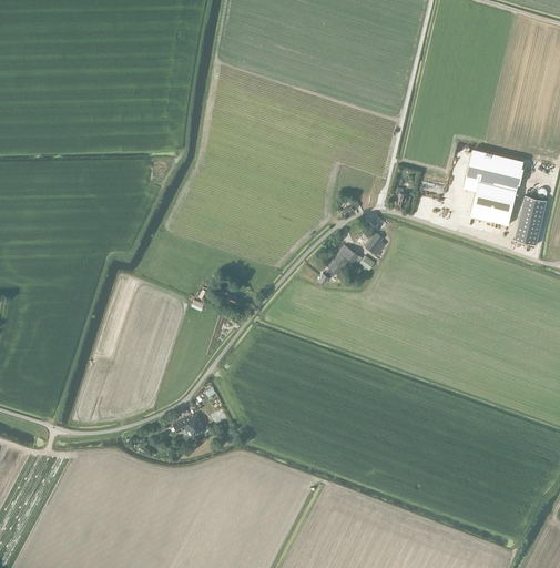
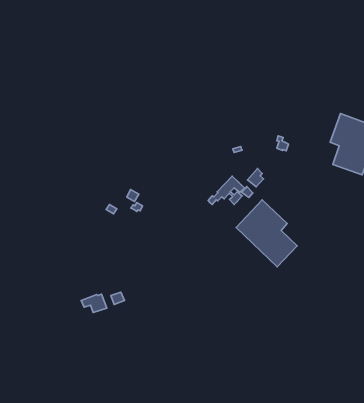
building: none -> [236,200,297,267]

